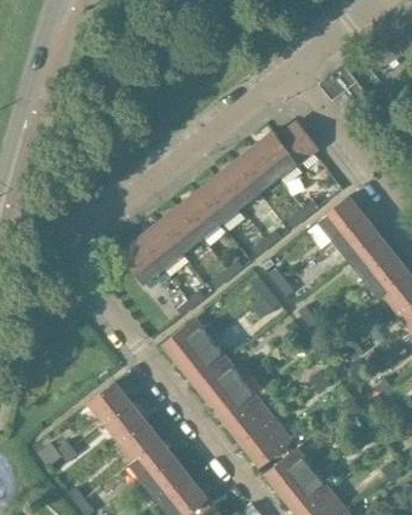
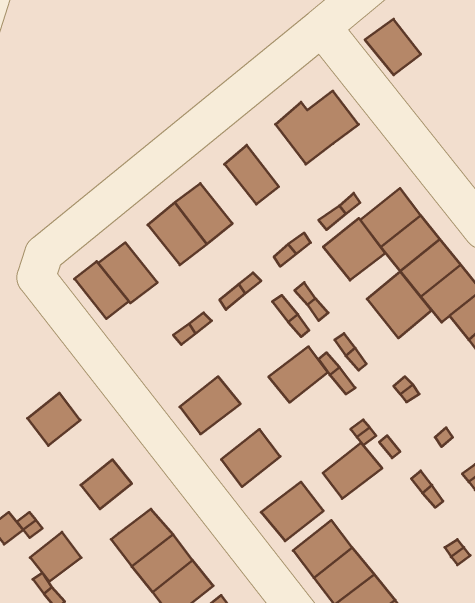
building: [231,148,276,195] -> none
building: [196,178,239,223] -> none
building: none -> [323,218,385,280]
building: [139,224,181,268] -> [74,261,129,319]
building: none -> [367,271,432,338]
building: [164,319,210,362] -> none
building: [196,360,241,402] -> [269,347,328,402]
building: [90,382,130,422] -> [27,393,80,446]
building: [228,400,273,442] -> [323,443,382,499]
building: [120,420,159,458] -> [30,532,81,581]

